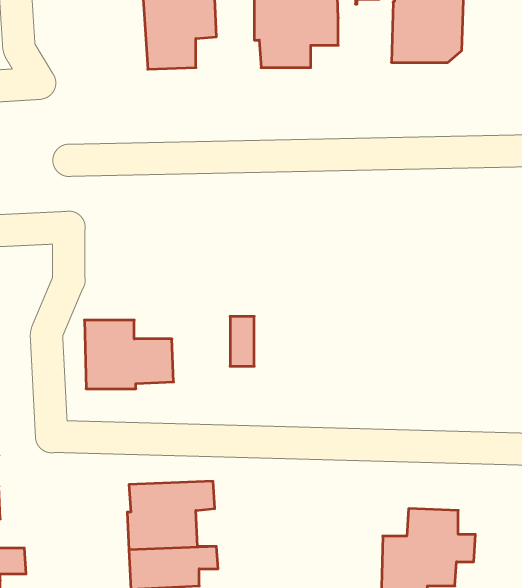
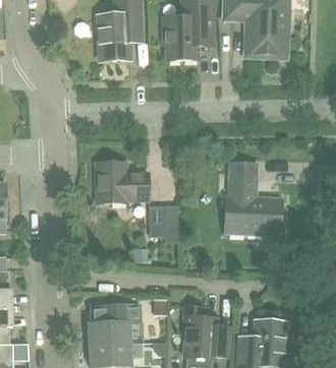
building: none -> [225,163,282,234]
building: [84,320,174,389] -> [97,162,150,202]
building: none -> [183,306,229,359]

